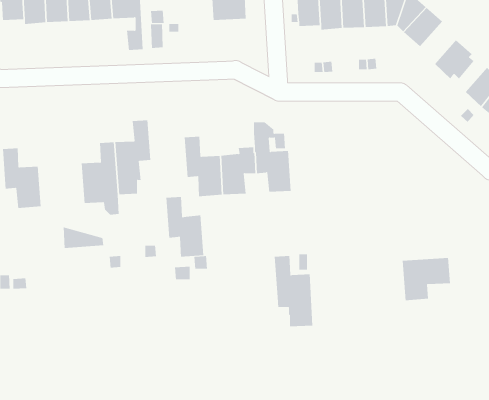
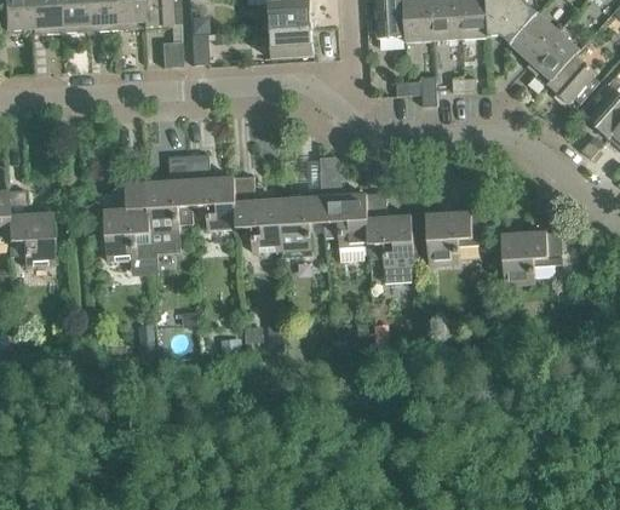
building: none -> [269,27,314,57]
building: none -> [526,30,579,84]
building: none -> [425,210,487,264]
building: [166,197,204,257] -> [188,153,236,229]
building: [63,227,104,249] -> none
building: [274,256,313,327] -> [364,191,414,281]
building: [402,258,451,301] -> [500,230,562,285]

